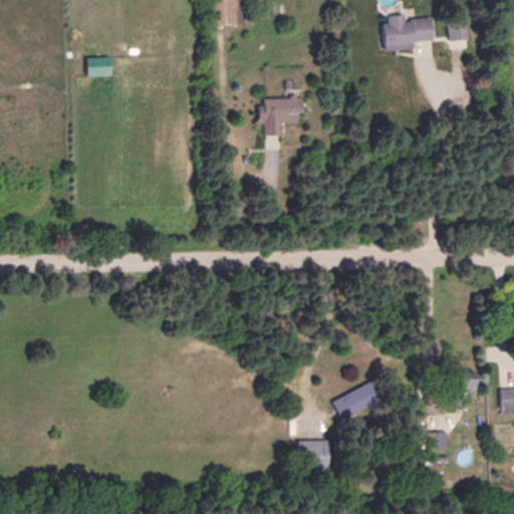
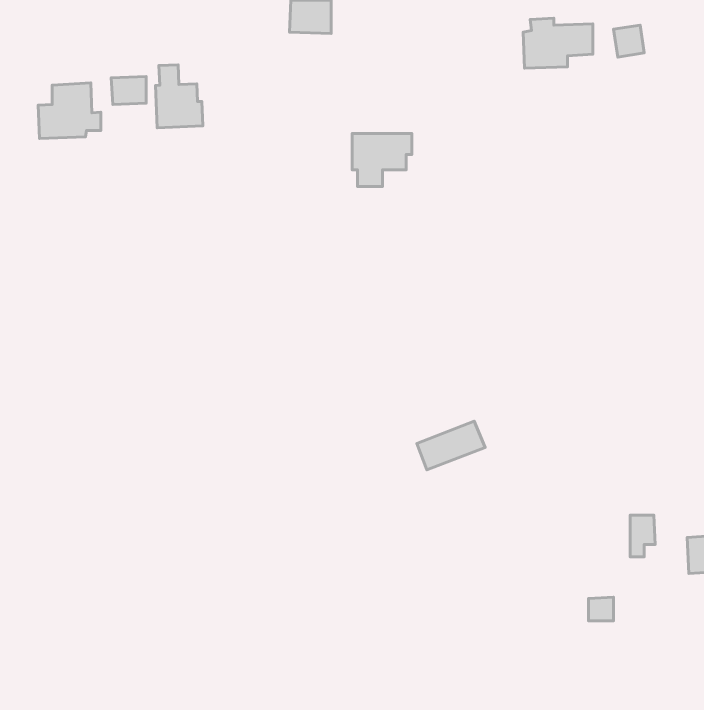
building: none -> [155,65,203,128]
building: none -> [38,83,101,139]
building: [333,382,382,418] -> [417,421,485,470]
building: [299,440,329,470] -> none

